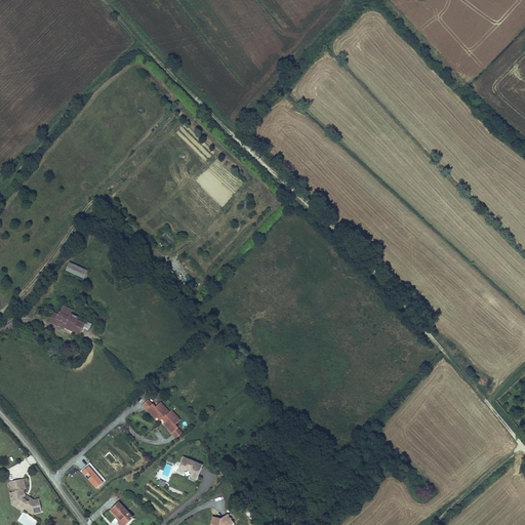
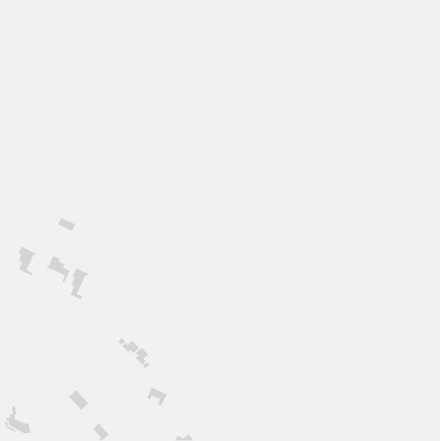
building: none -> [18,246,38,277]
building: none -> [69,267,90,300]

